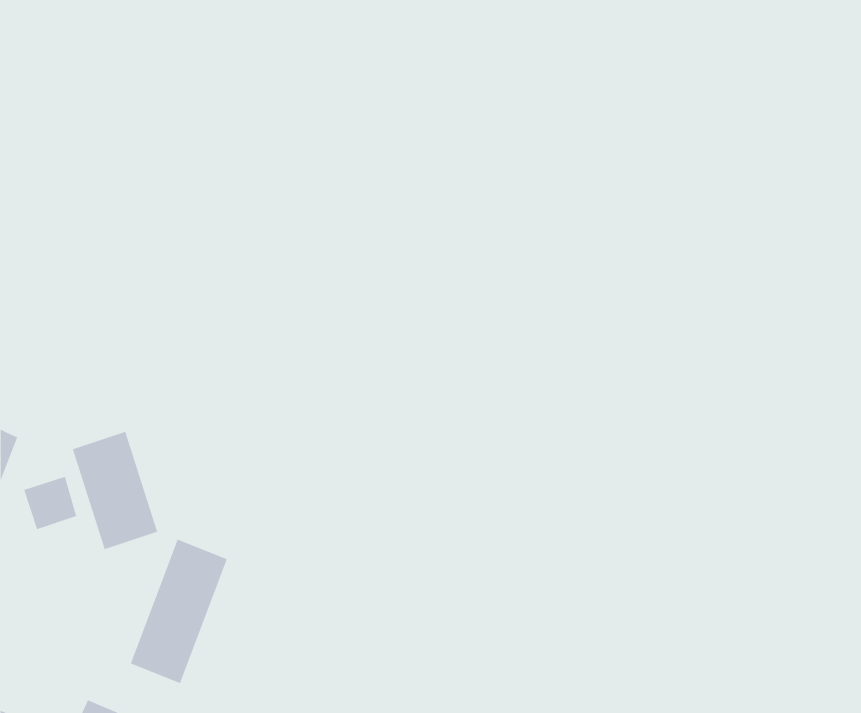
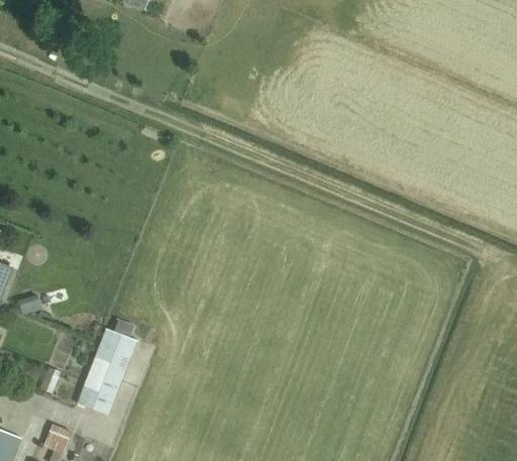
building: [72,431,158,550] -> none

